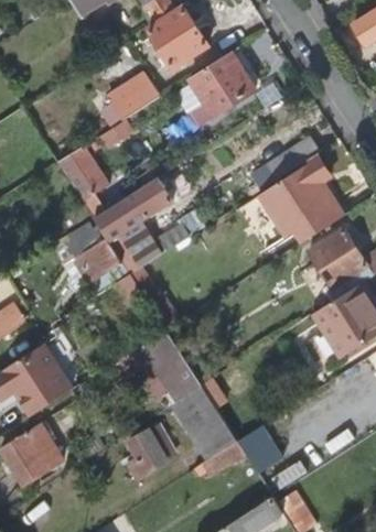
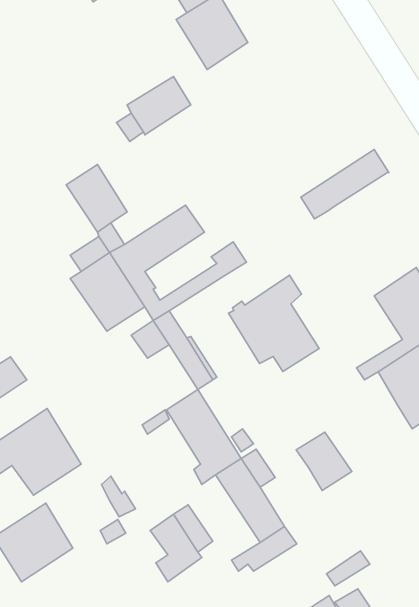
building: [189,53,256,119] -> none
building: [267,159,341,237] -> [228,275,319,372]
building: [236,426,281,474] -> [296,432,352,491]

